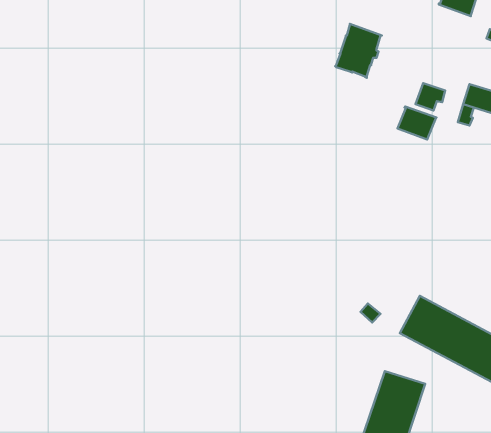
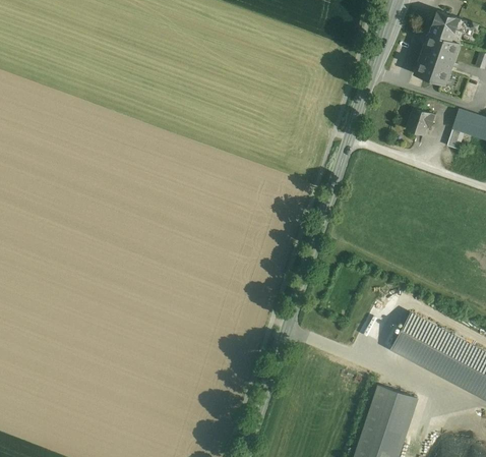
building: [335,24,382,78] -> [415,34,460,85]
building: [398,107,436,140] -> none

